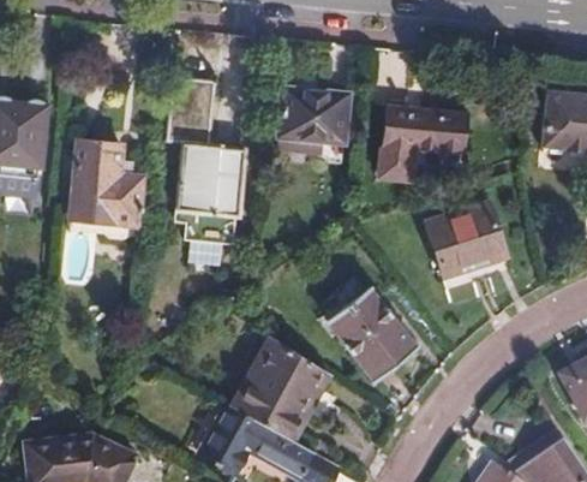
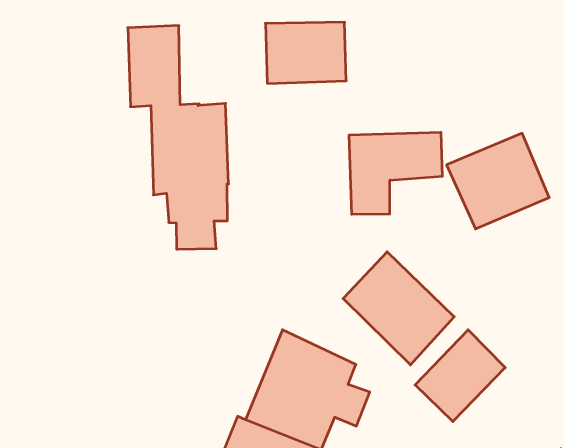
building: [378,108,460,177] -> [349,132,442,214]
building: [70,138,140,222] -> none
building: none -> [415,330,505,422]

